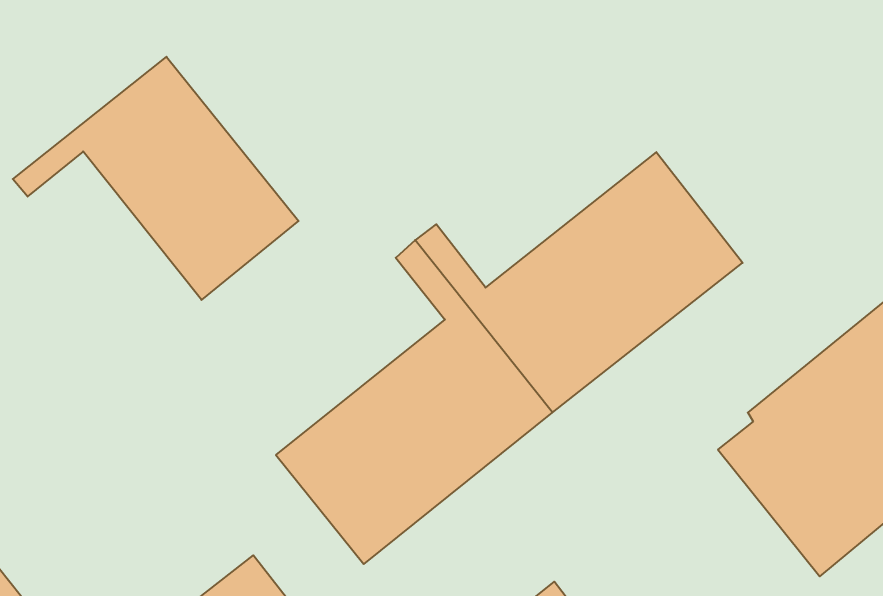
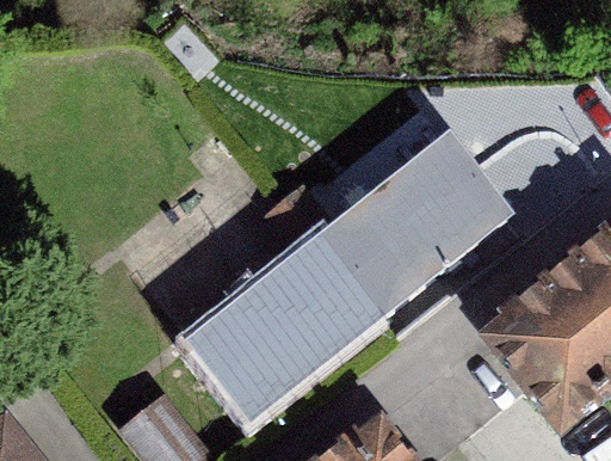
building: [13,57,299,300] -> none

